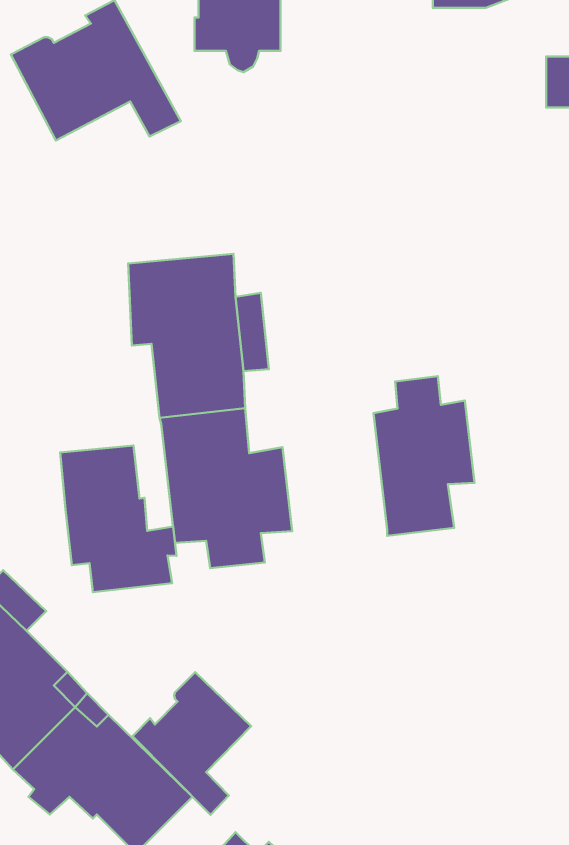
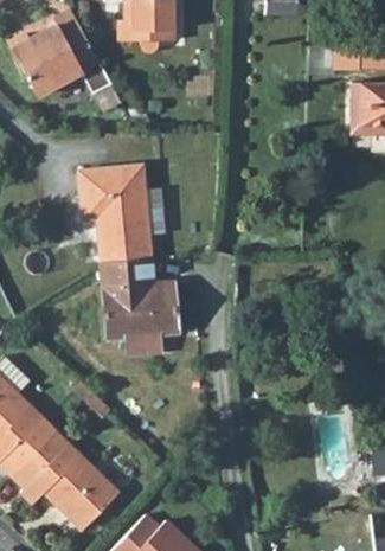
building: [374,376,474,536] -> none
building: [60,445,176,592] -> none
building: [132,672,251,815] -> none

